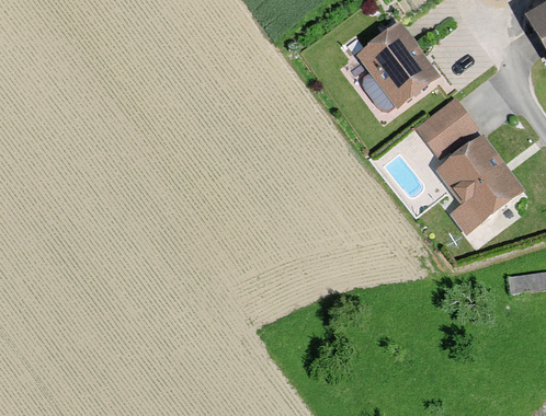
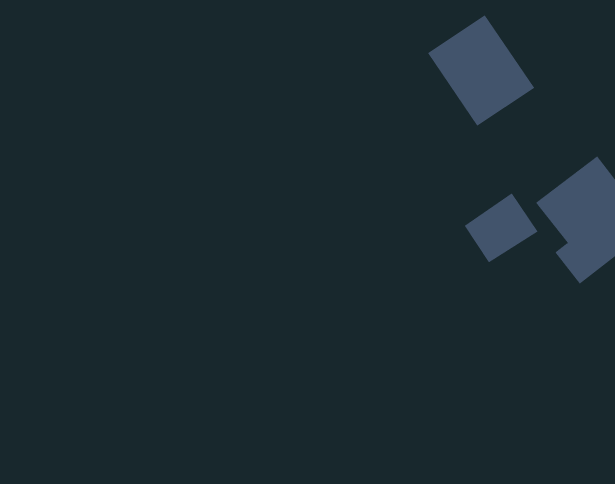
building: [420,95,479,151] -> [464,193,538,263]

